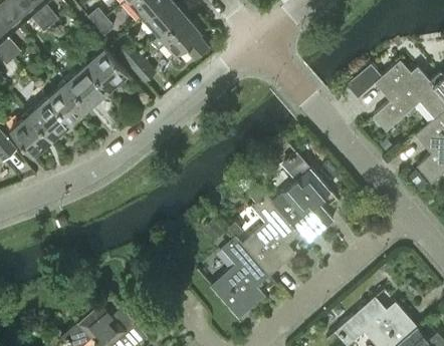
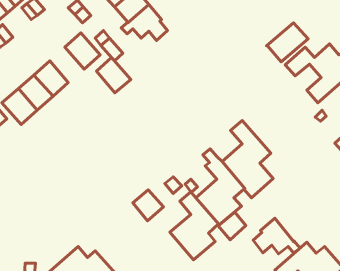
building: none -> [267,23,308,62]
building: [66,65,107,107] -> [96,58,131,93]
building: none -> [133,190,164,221]
building: none -> [218,212,246,240]
building: none -> [253,218,300,254]

